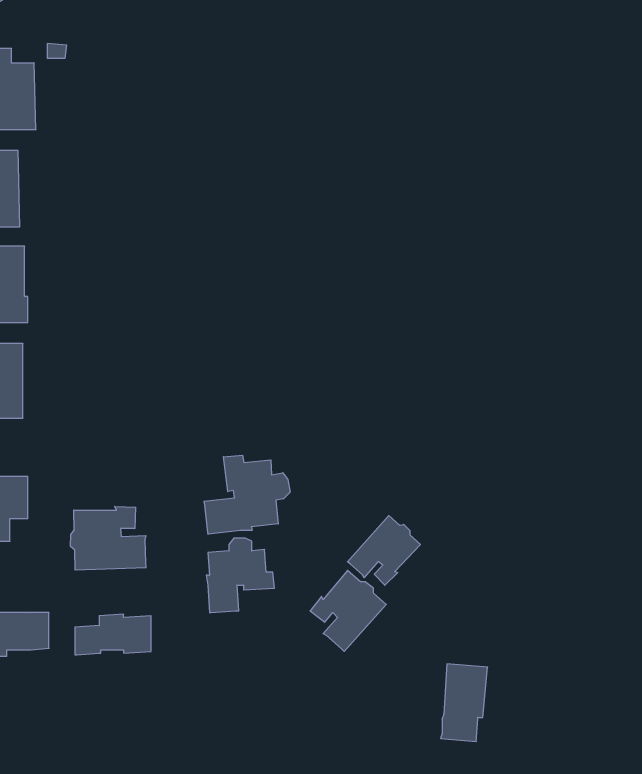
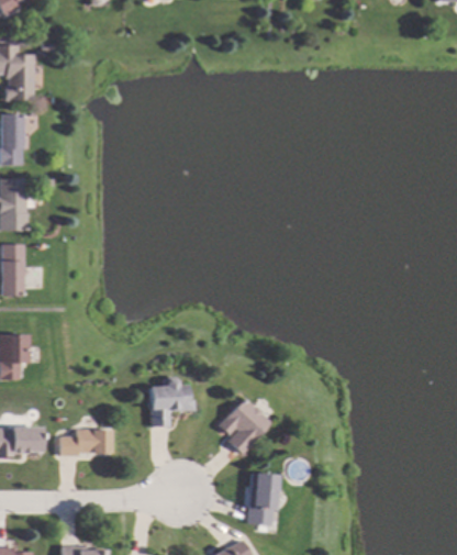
building: [204,455,290,534] -> none
building: [71,506,146,570] -> none
building: [347,516,420,585] -> none
building: [441,664,488,742] -> [245,473,277,525]

